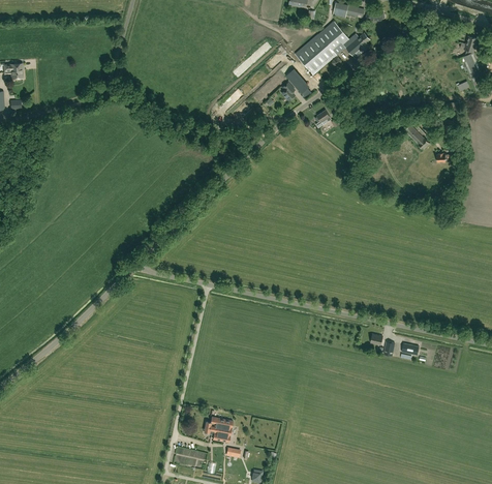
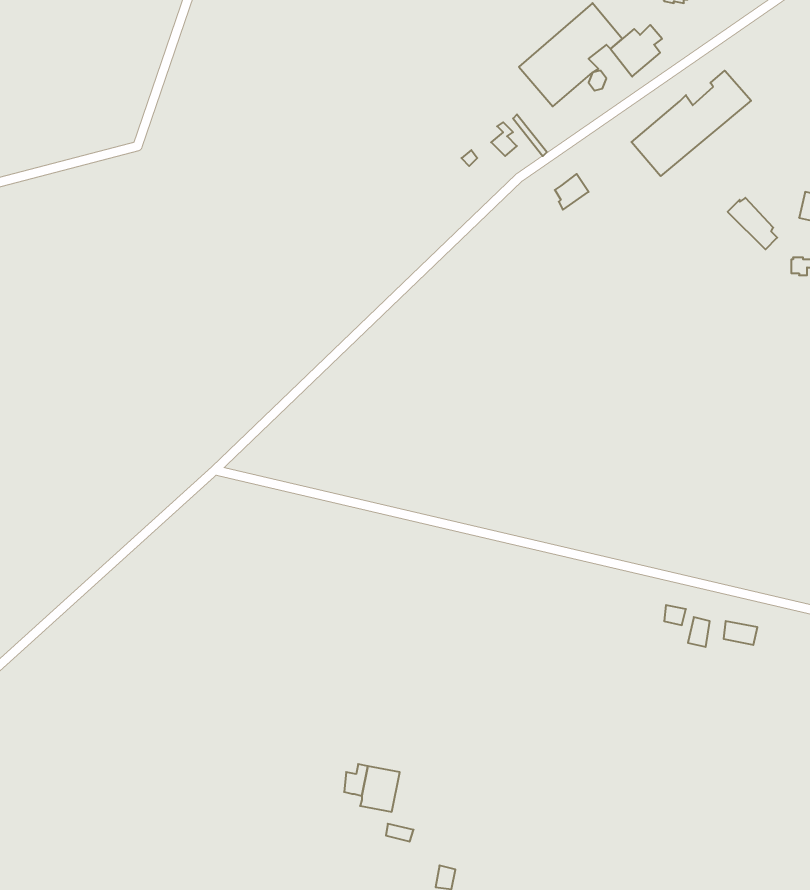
building: none -> [631,71,751,176]
building: [176,448,205,466] -> none

